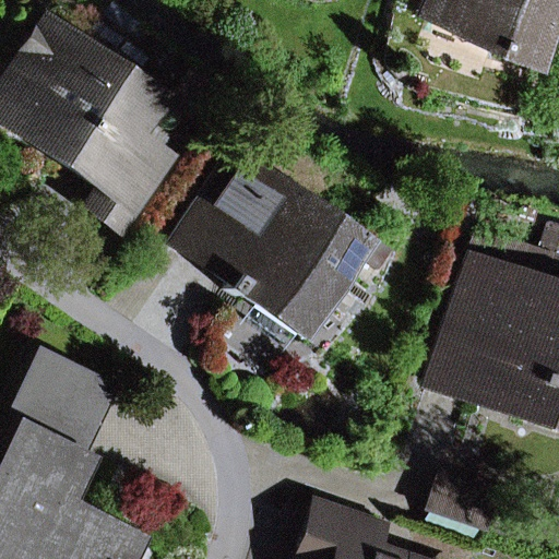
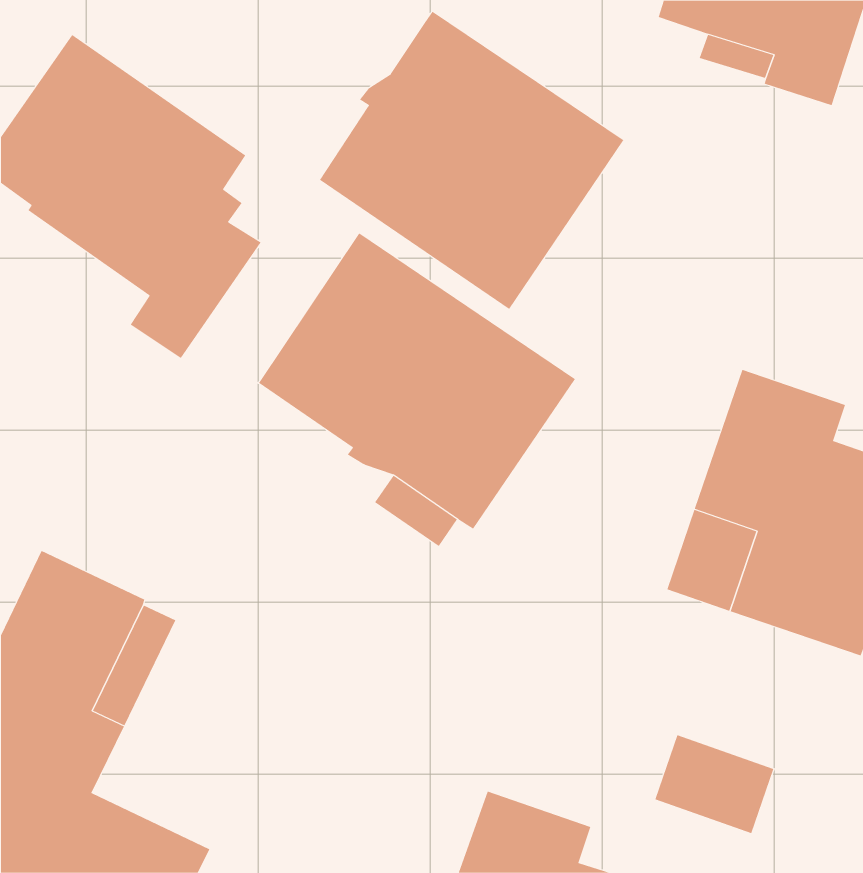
building: none -> [319,11,624,310]

